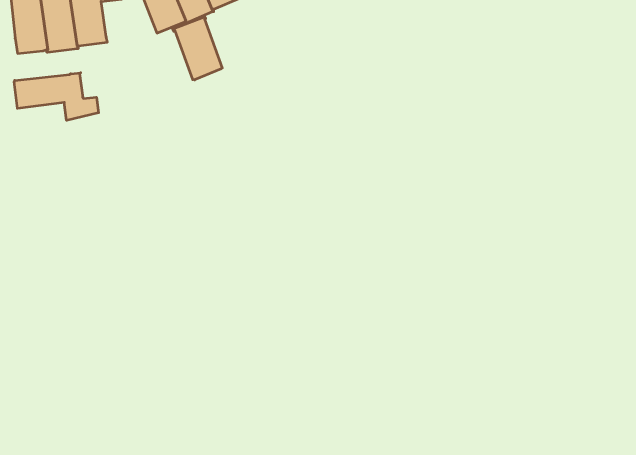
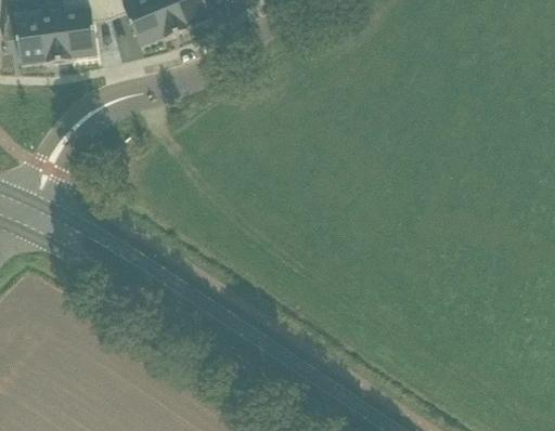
building: [173,16,222,80] -> none
building: [14,73,99,120] -> none

